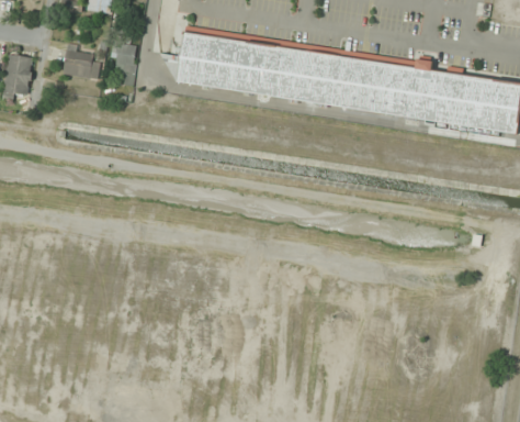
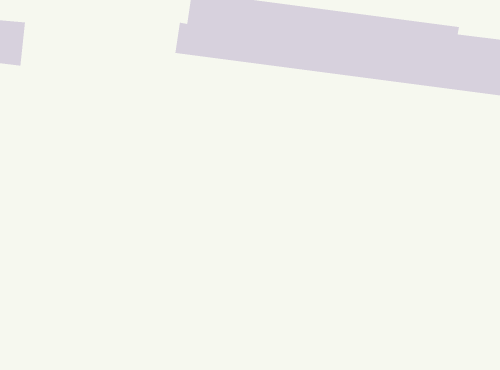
building: [114,46,135,74] -> none
building: [61,51,100,82] -> none

